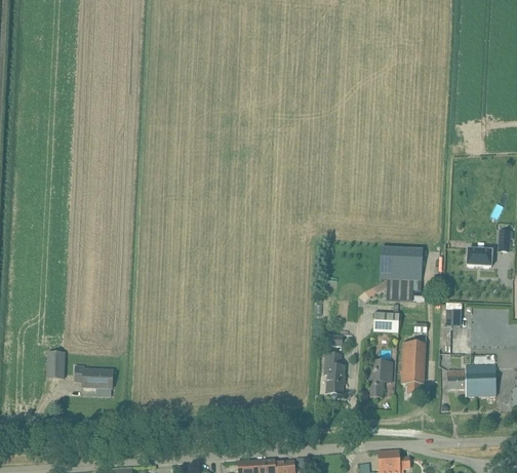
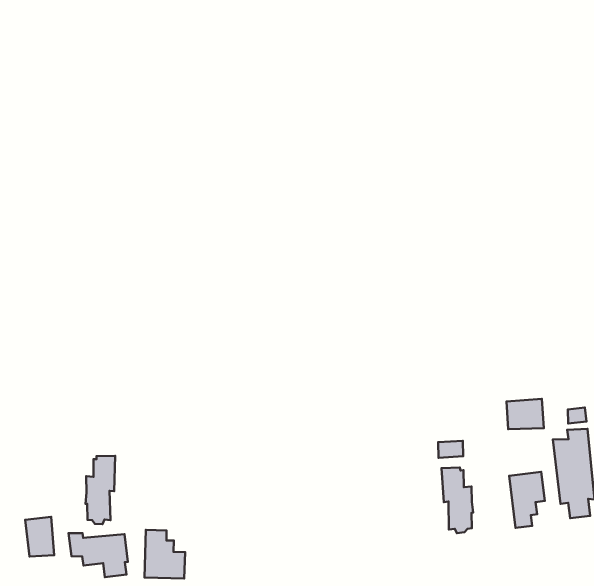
building: [379,246,423,301] -> none
building: none -> [86,456,115,524]
building: none -> [145,530,185,579]

